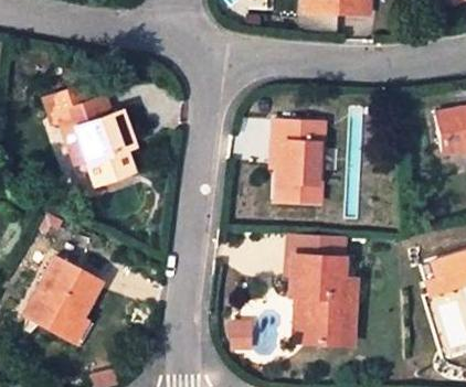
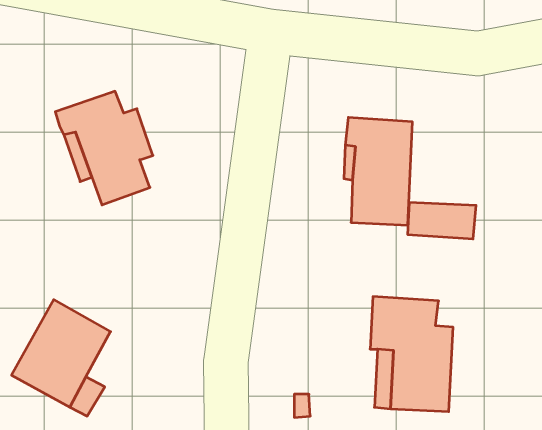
building: [42,83,96,129] -> none
building: [295,233,347,260] -> [408,202,476,239]

